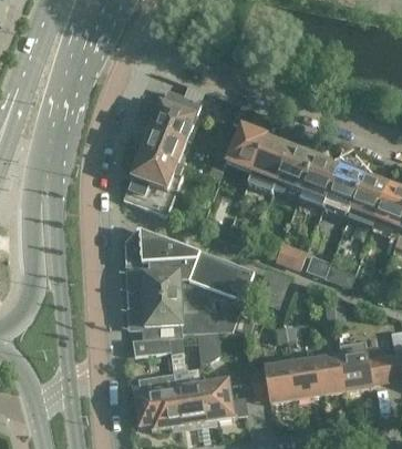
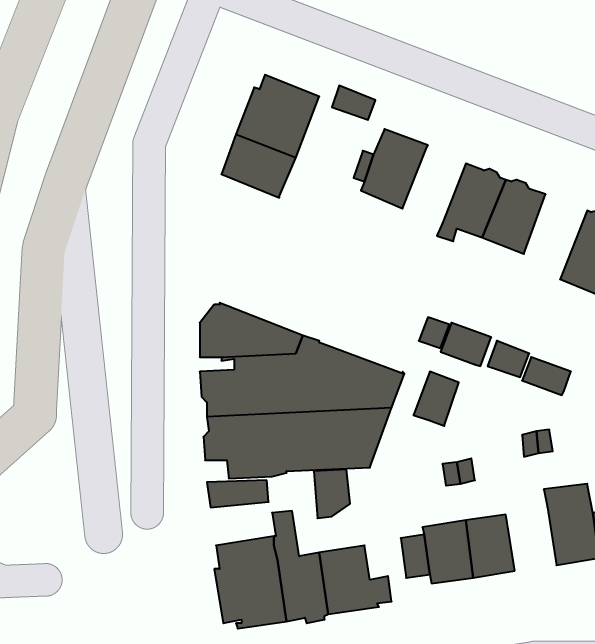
building: [251,135,290,181] -> none
building: [123,151,185,215] -> none
building: [323,163,364,215] -> none
building: [315,355,346,394] -> none

